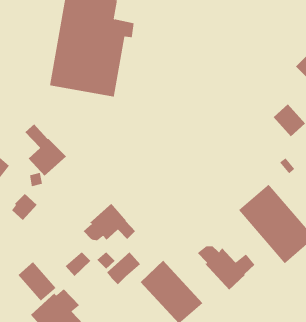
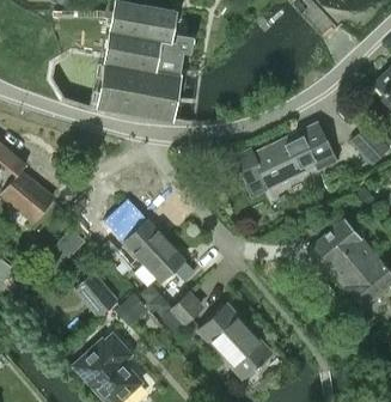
building: none -> [233,123,336,188]
building: [25,124,67,176] -> [120,202,167,262]
building: [197,245,255,291] -> none
building: [17,261,56,301] -> [74,272,118,317]

